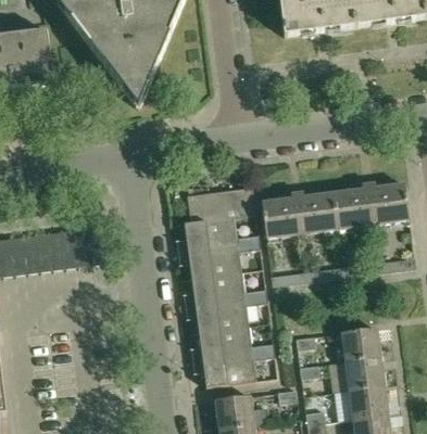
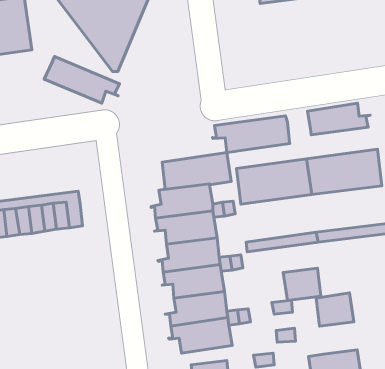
building: none -> [44,57,120,103]
building: none -> [307,103,370,135]
building: none -> [212,116,290,152]
building: [343,355,381,387] -> [283,268,321,300]

